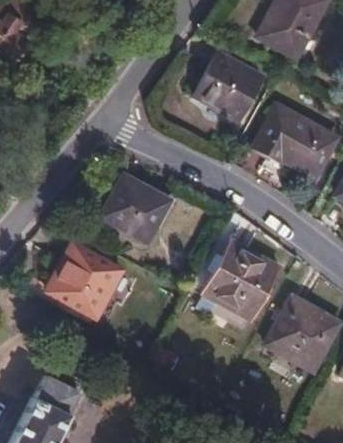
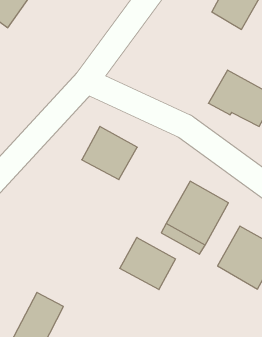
building: [194,55,261,121] -> none
building: [49,245,121,316] -> none
building: none -> [120,237,175,290]

